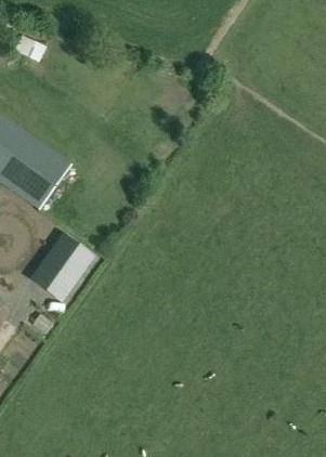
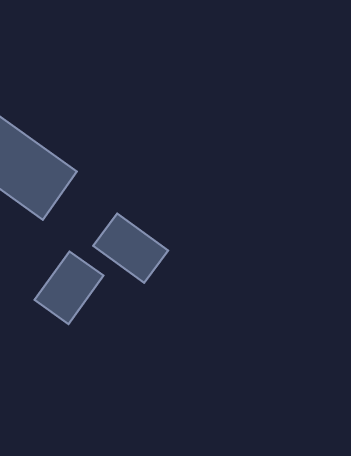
building: none -> [93,213,168,283]

